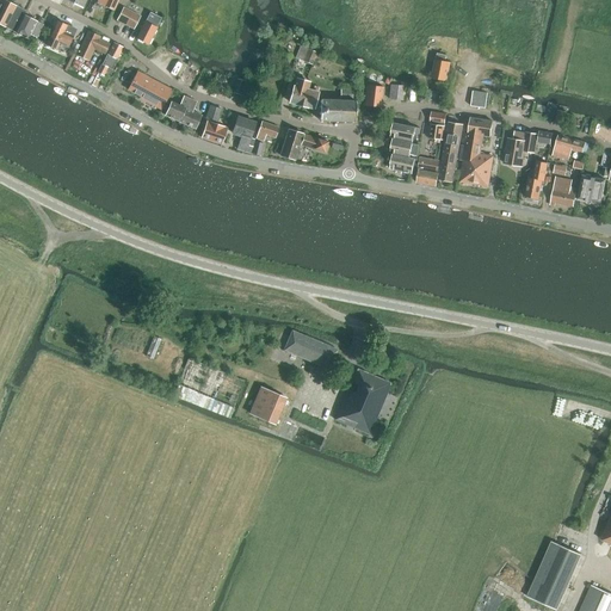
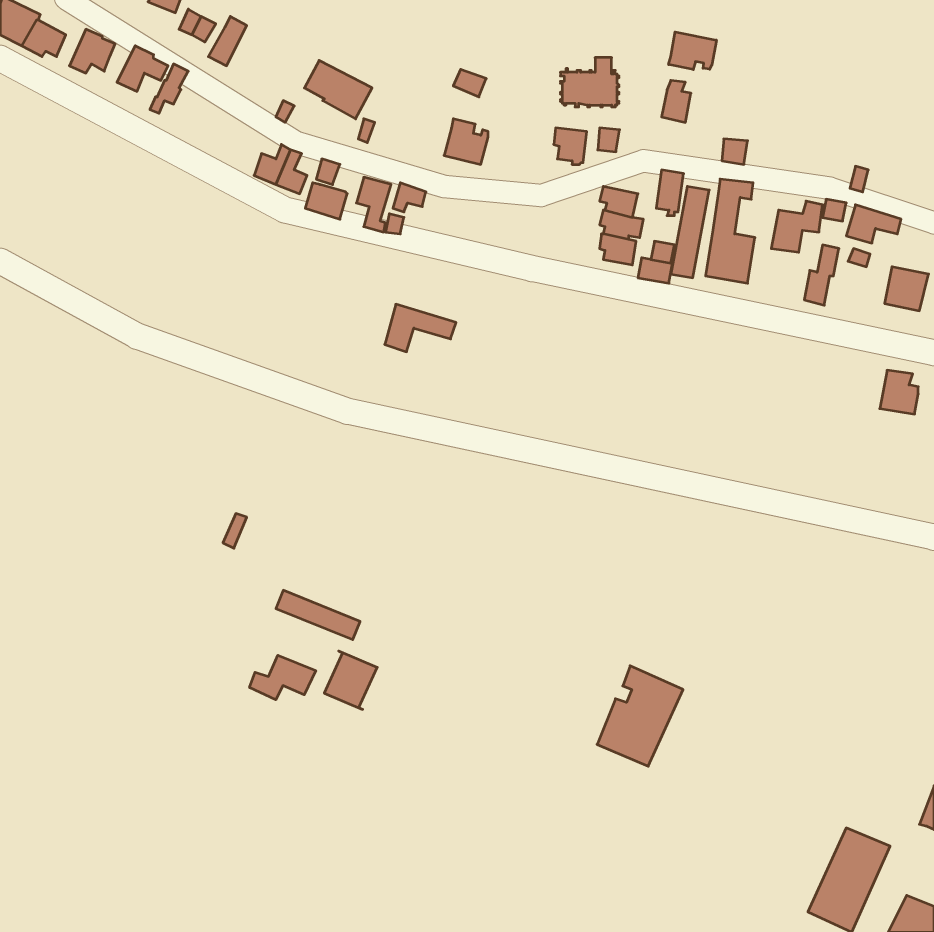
building: none -> [669,32,716,70]
building: [128,70,172,109] -> [304,60,372,119]
building: [319,90,357,122] -> [560,58,619,107]
building: [280,128,327,159] -> [385,304,456,352]
building: [551,177,576,205] -> [880,370,918,414]
building: [285,331,337,366] -> none
building: [335,368,391,433] -> [597,666,683,766]
building: [251,385,285,424] -> [324,651,377,709]
building: none -> [250,655,316,700]

